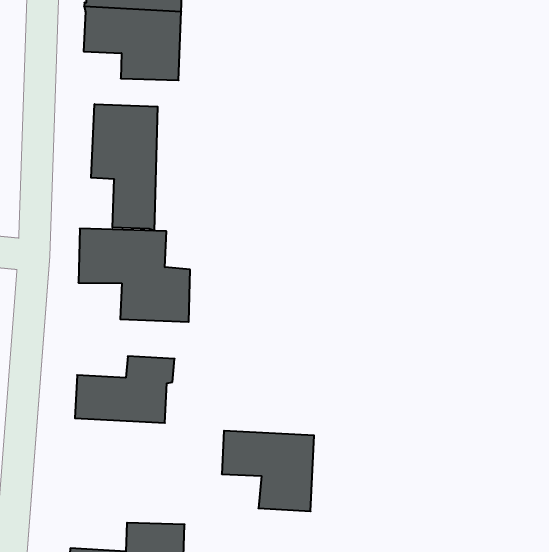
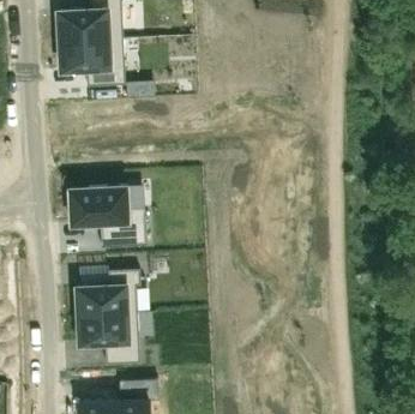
building: [91,104,158,231] -> none
building: [222,431,314,511] -> [77,313,139,365]

